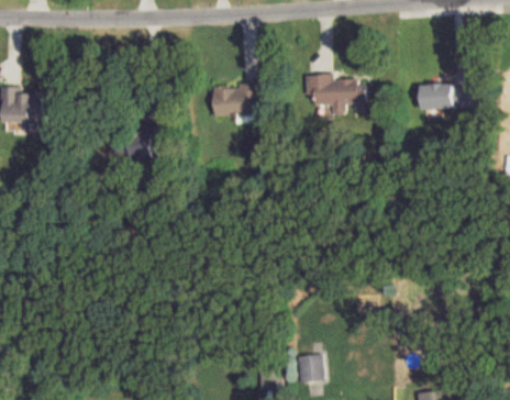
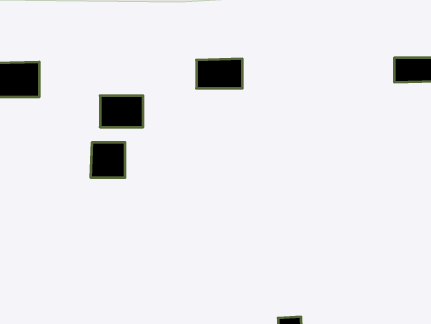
building: [304,75,364,105] -> none
building: none -> [91,142,125,178]

